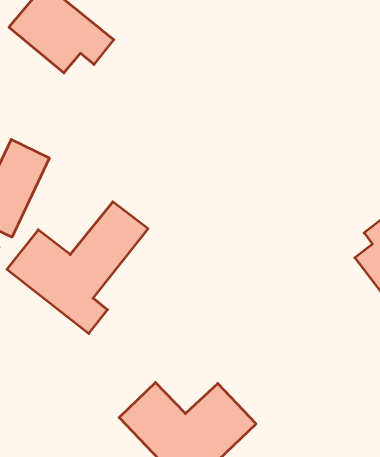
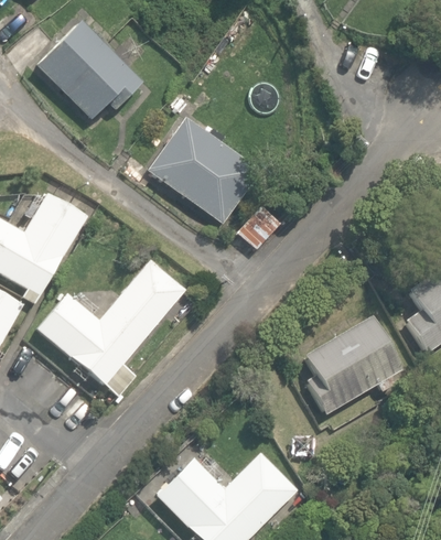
building: none -> [140,112,260,229]
building: none -> [303,313,400,418]

